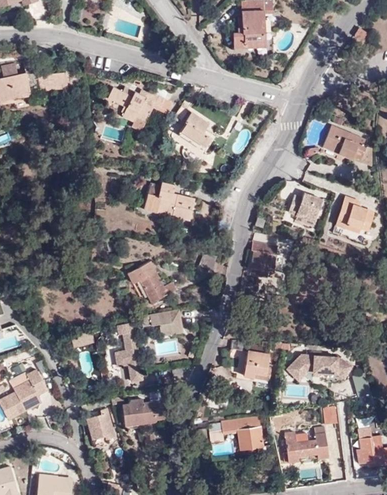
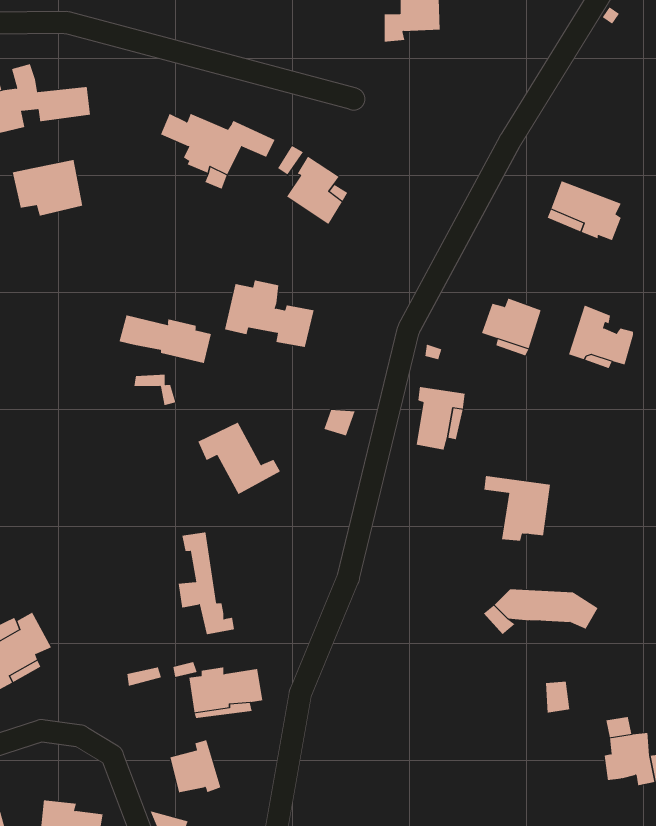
building: none -> [12,159,83,217]
building: none -> [119,315,211,364]
building: [141,312,182,334] -> none
building: [232,341,270,378] -> [484,476,551,541]
building: [86,409,115,439] -> [170,740,221,793]
building: [209,417,263,450] -> none
building: [284,432,328,464] -> none

